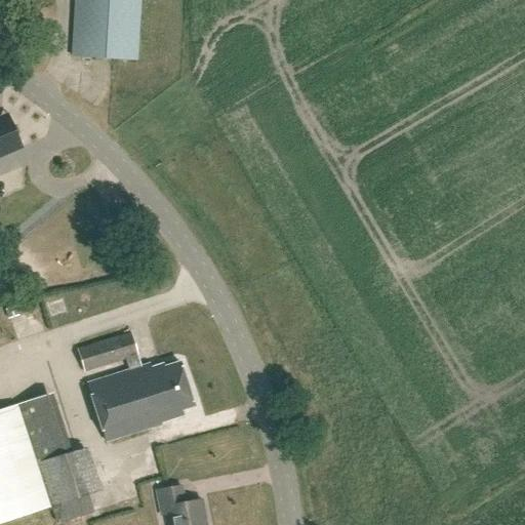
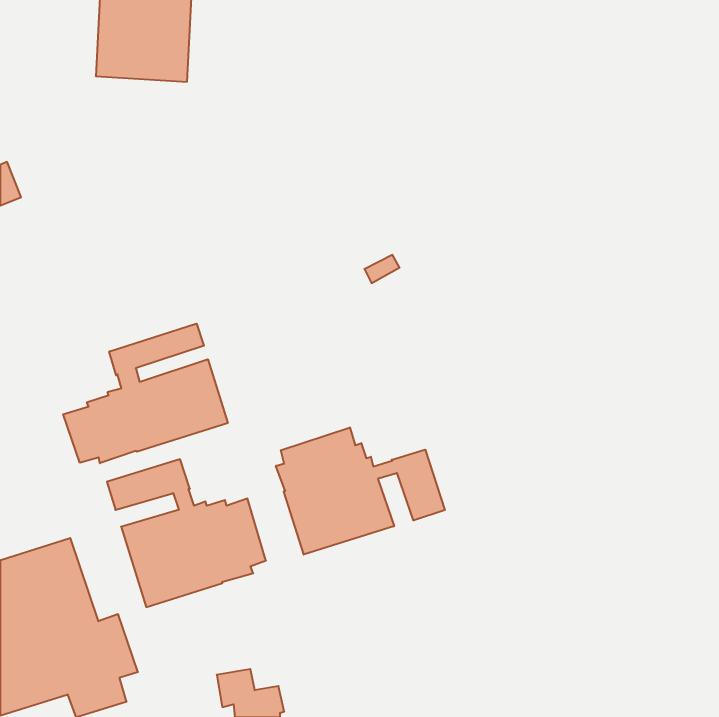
building: none -> [63,324,228,463]
building: none -> [276,427,445,555]

